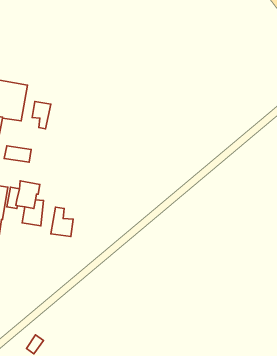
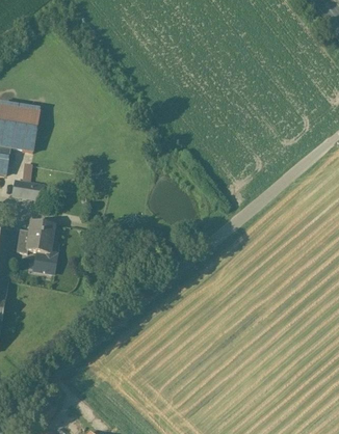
building: [32,101,51,129] -> none
building: [51,207,73,237] -> none

